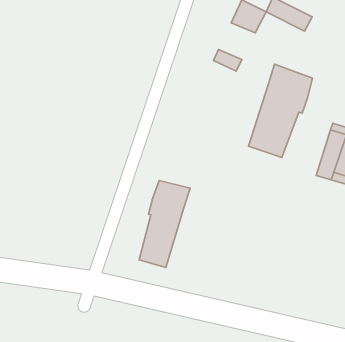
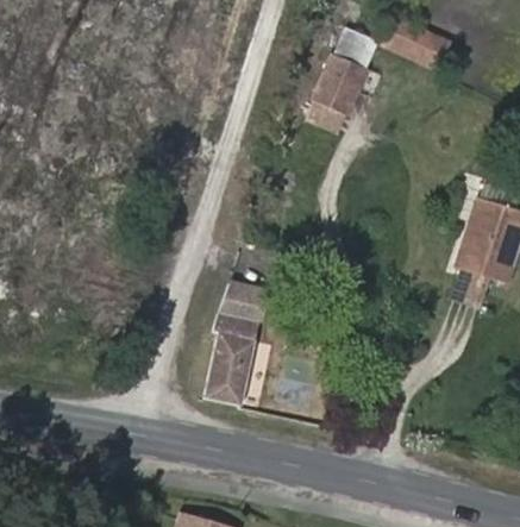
building: none -> [315,55,368,107]
building: [248,64,312,158] -> none

